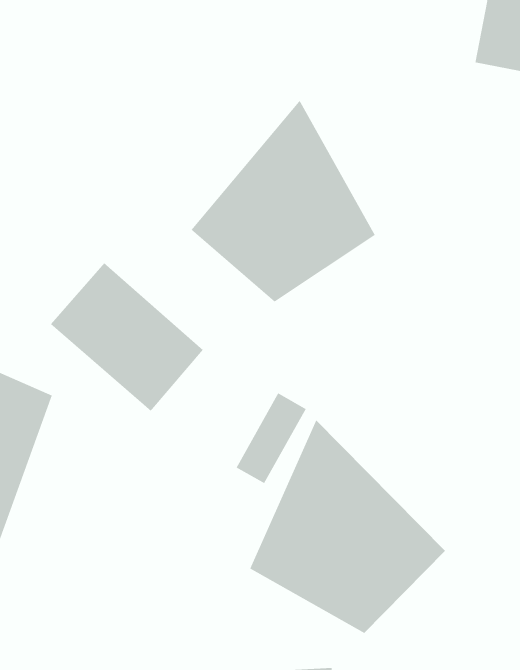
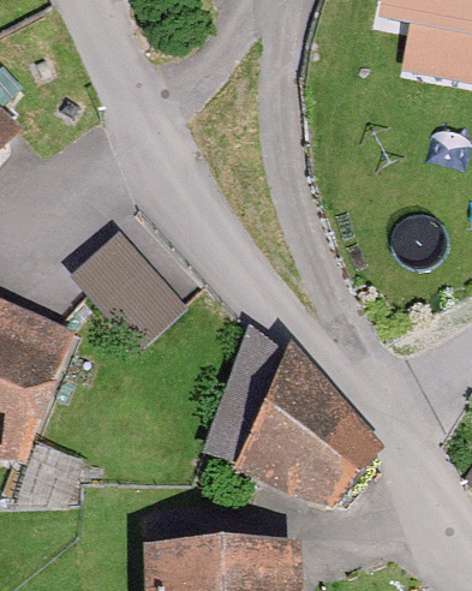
building: [190,99,376,303] -> none

